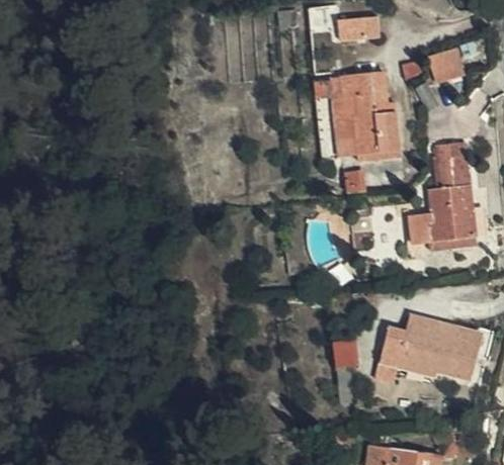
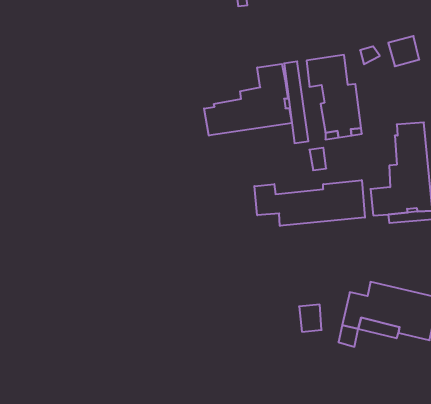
building: [337,18,379,41] -> none
building: none -> [204,64,292,136]
building: none -> [254,180,365,226]

